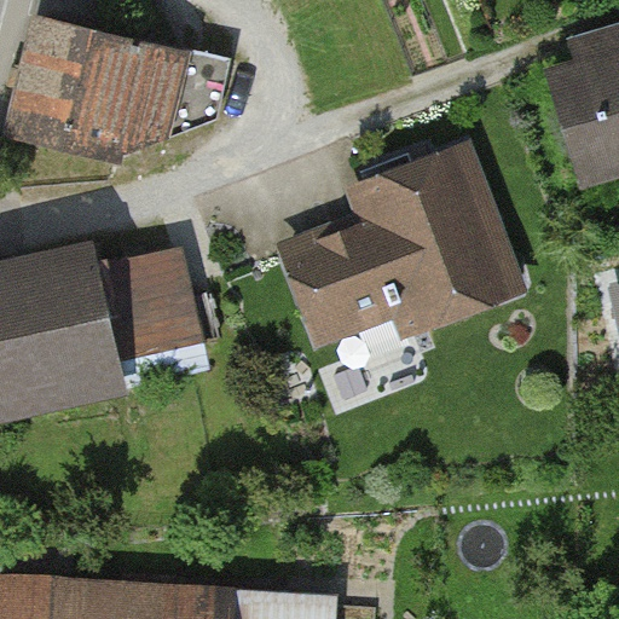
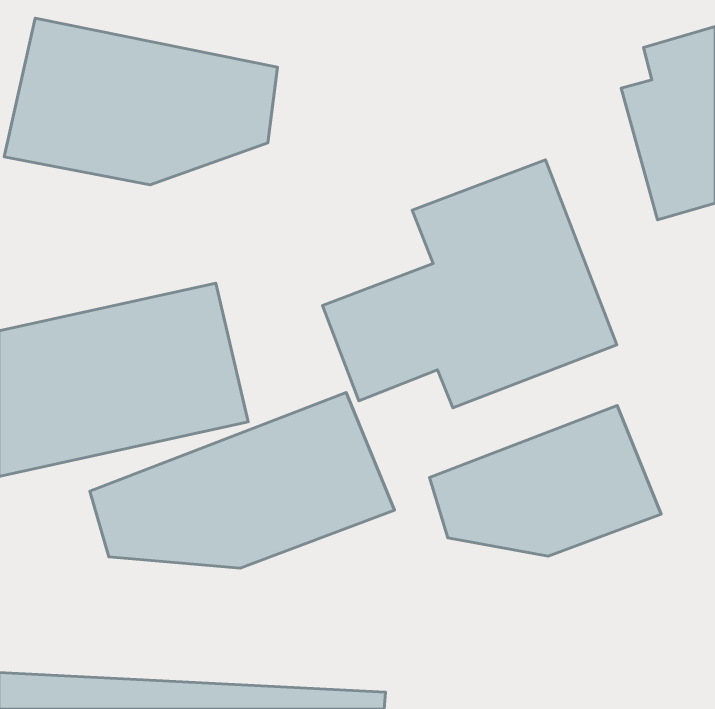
building: none -> [90,393,394,568]
building: none -> [429,405,661,556]

